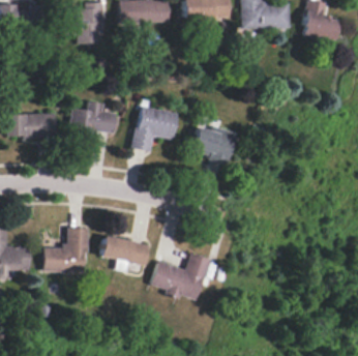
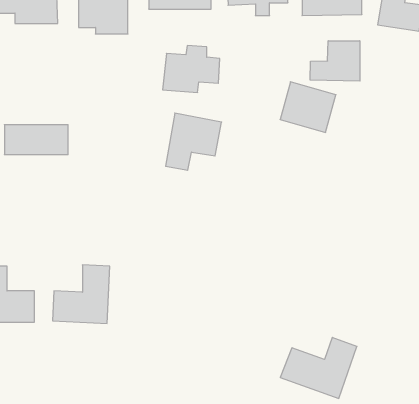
building: none -> [310,41,360,81]
building: [69,101,115,139] -> [163,46,220,92]
building: [190,122,235,162] -> [280,82,336,132]
building: [100,235,150,269] -> none
building: [150,251,211,300] -> [280,337,357,398]

